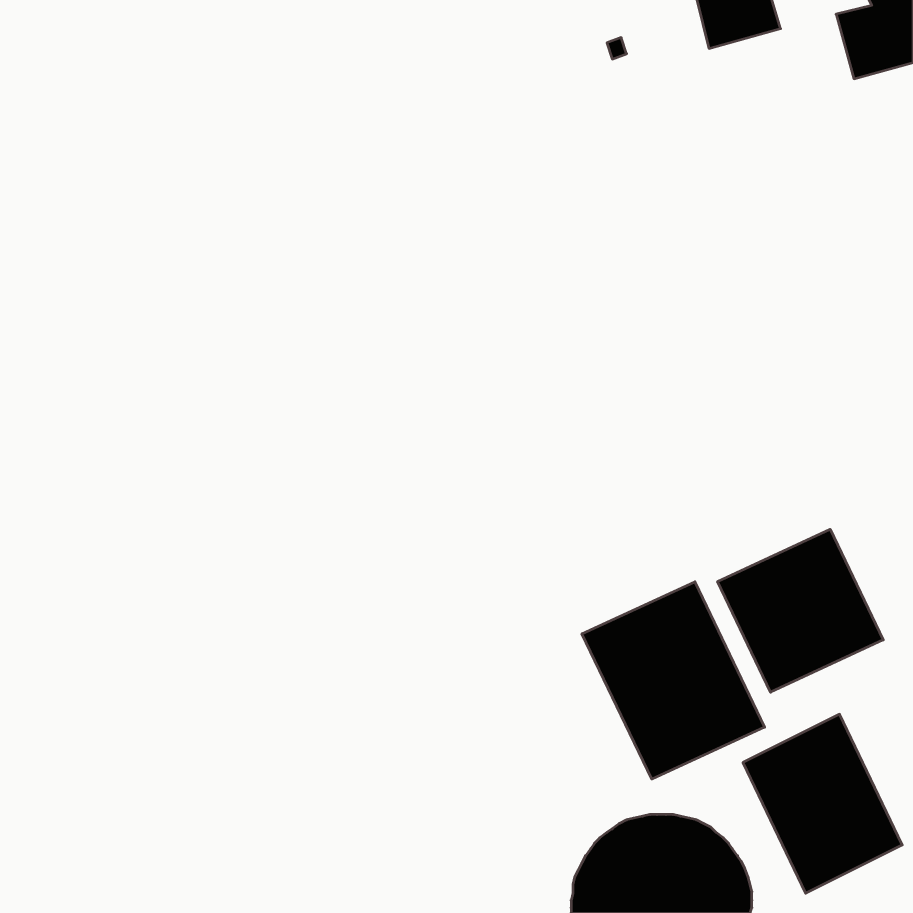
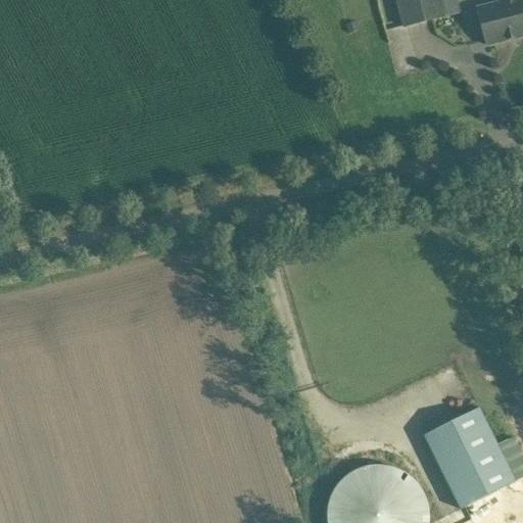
building: [718,529,883,692] -> none
building: [582,582,765,779] -> none

